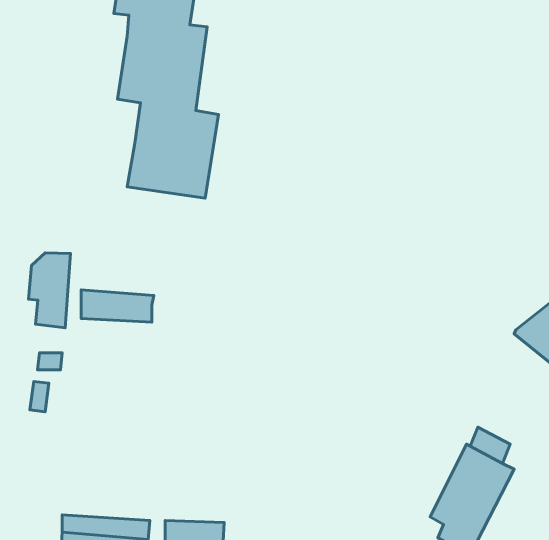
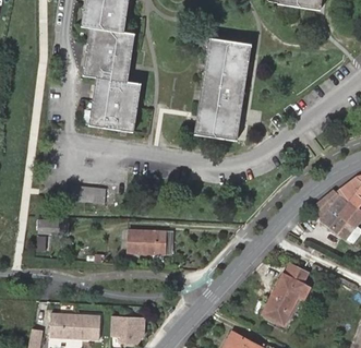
building: none -> [195,38,250,140]
building: [28,253,70,328] -> none
building: none -> [125,232,163,253]

